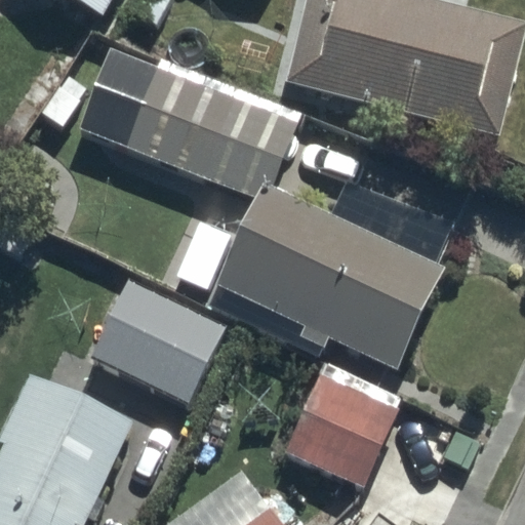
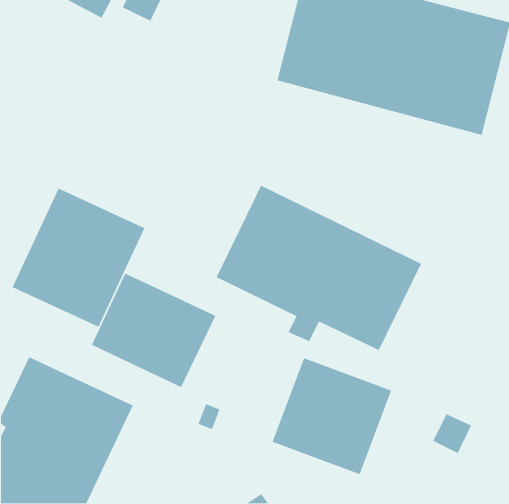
building: [74,48,294,207] -> none
building: none -> [11,188,146,328]

